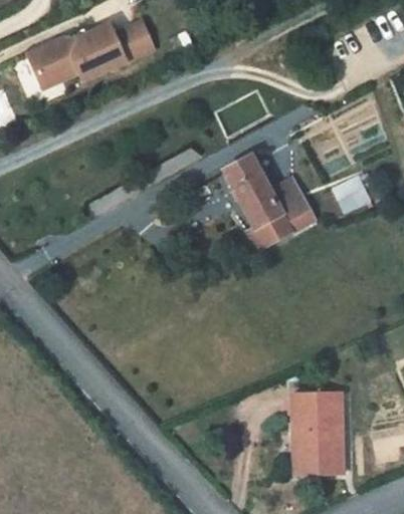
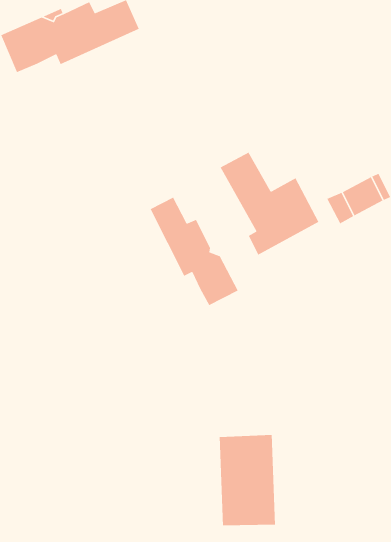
building: none -> [149,197,239,306]
building: [292,394,344,476] -> [219,434,276,526]

